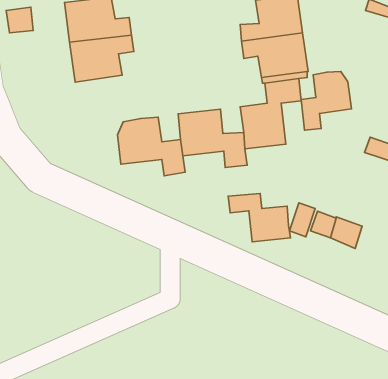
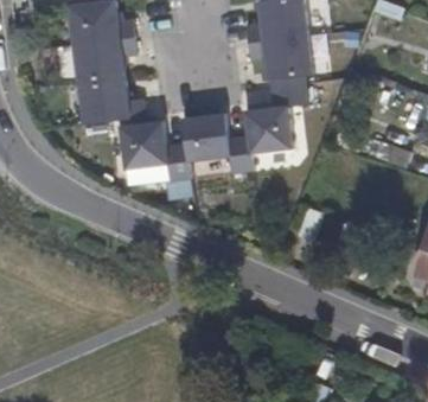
building: [301,71,351,130] -> none
building: none -> [78,77,147,125]
building: [228,193,291,242] -> none

